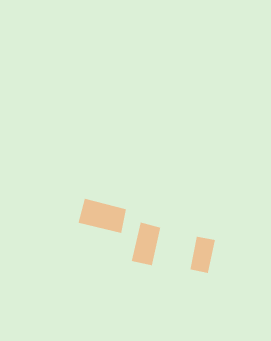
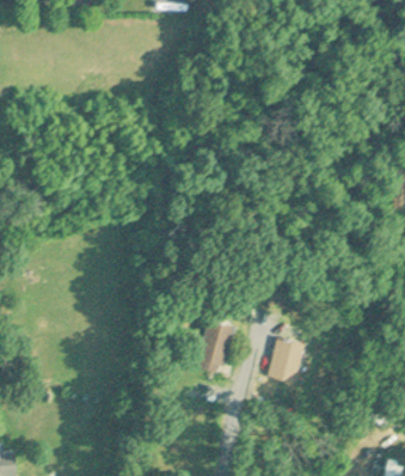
building: [78,198,127,234] -> none

